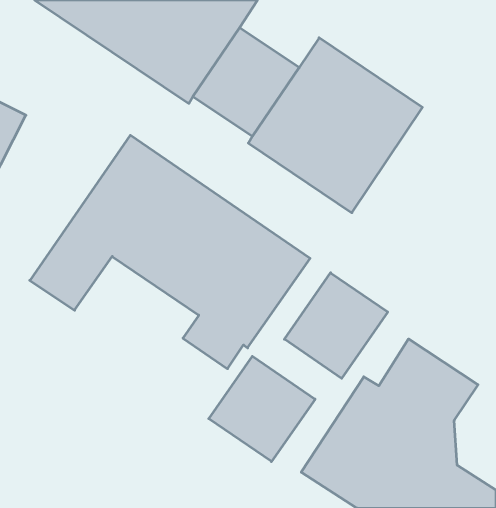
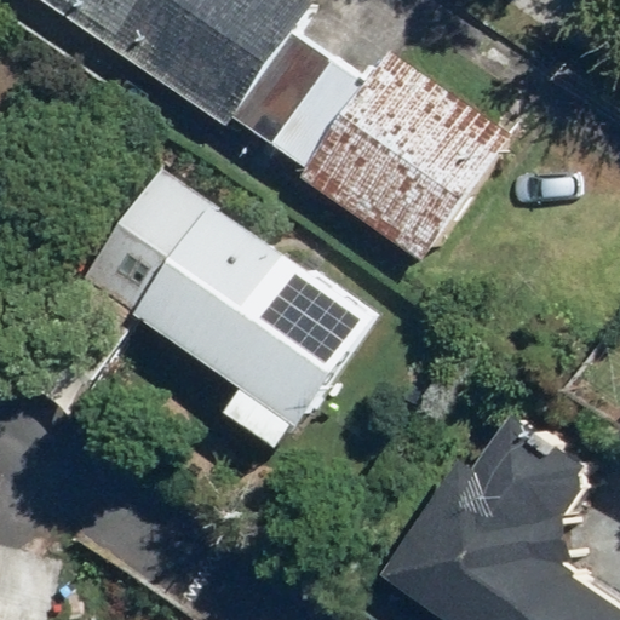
building: [284,273,388,378] -> none
building: [209,356,315,462] -> none

